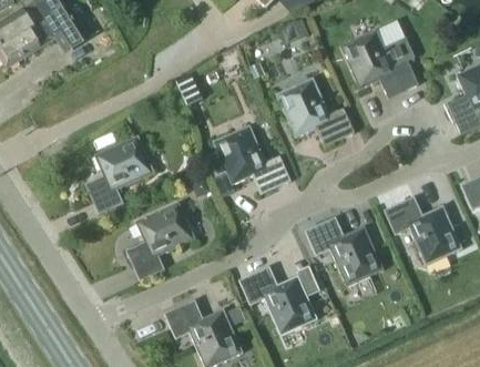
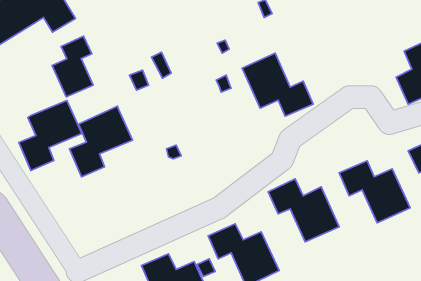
building: [339,29,418,99] -> none
building: none -> [52,36,93,97]
building: [206,124,290,194] -> none
building: [125,203,195,281] -> [19,101,82,170]

